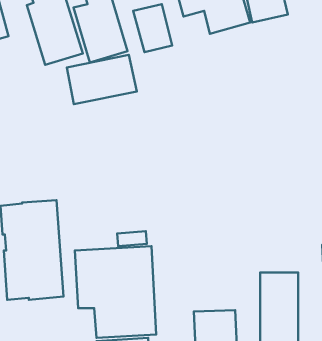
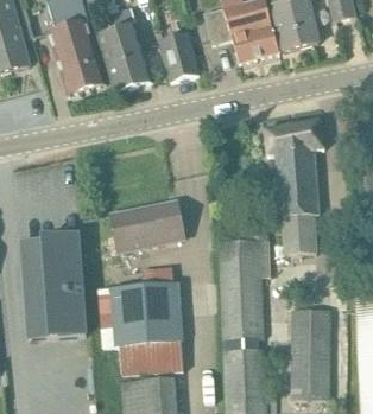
building: [67,55,137,104] -> [112,200,184,251]
building: none -> [264,120,325,255]
building: none -> [219,240,265,340]

